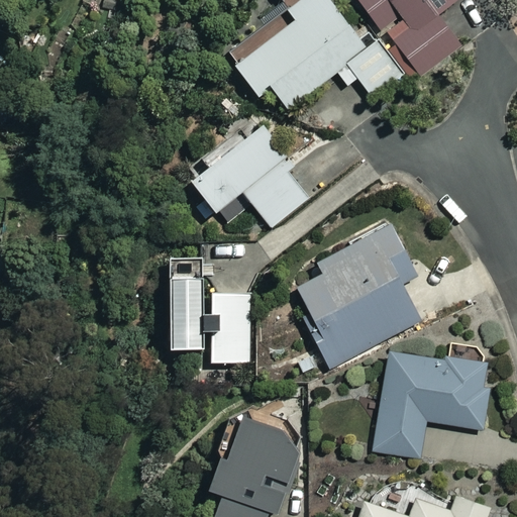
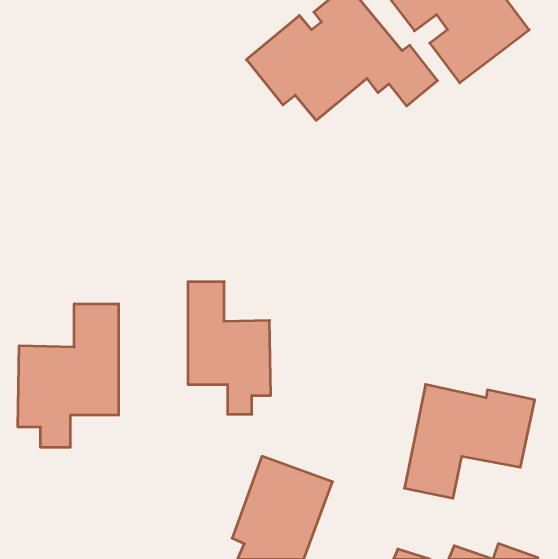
building: [194,128,313,224] -> none
building: [290,227,420,366] -> none
building: none -> [18,304,119,447]

